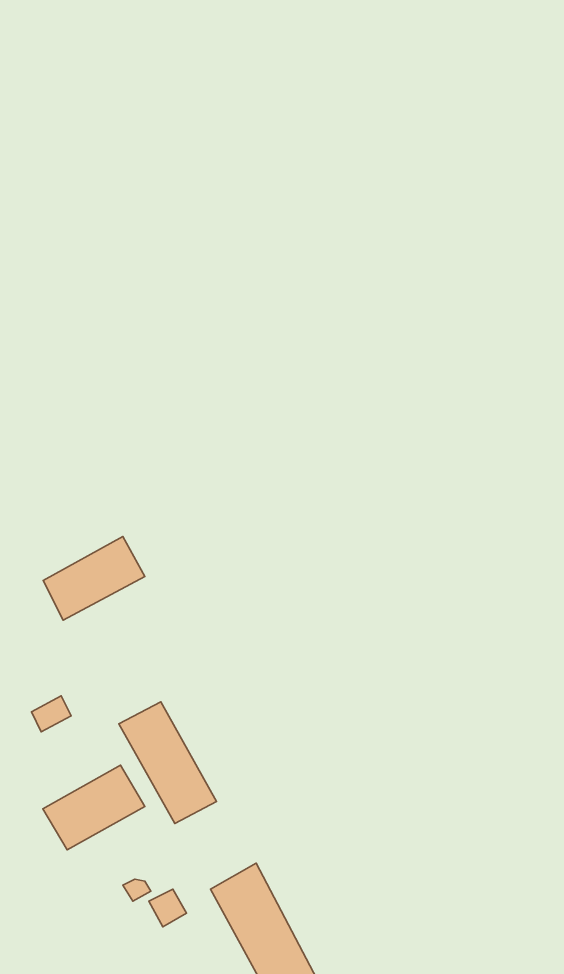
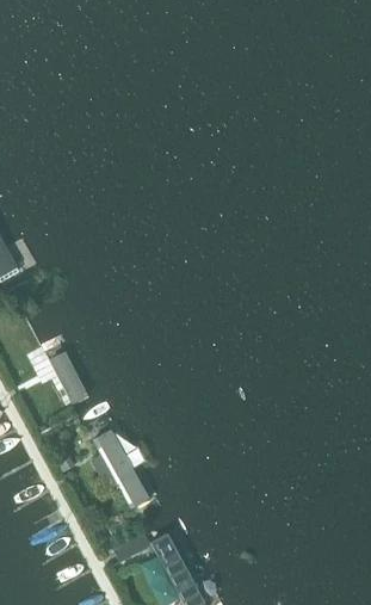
building: [43,765,145,850] -> none

